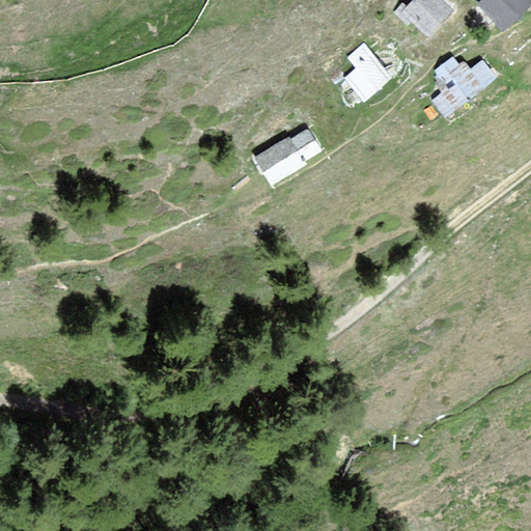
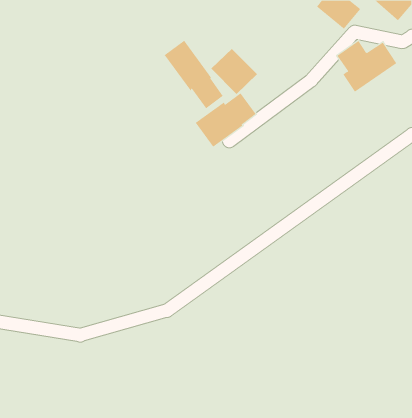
building: [333,43,393,102] -> [210,48,258,95]
building: none -> [164,40,224,109]

